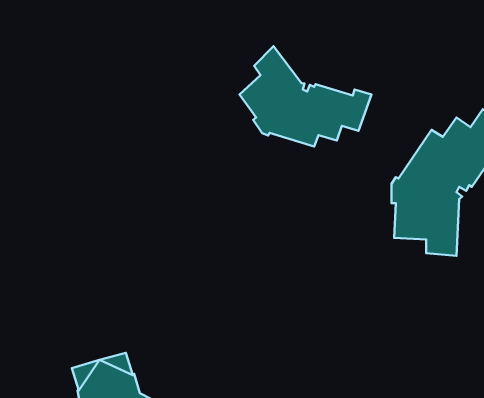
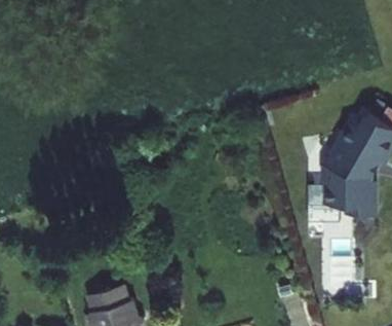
building: [239,46,371,146] -> none

